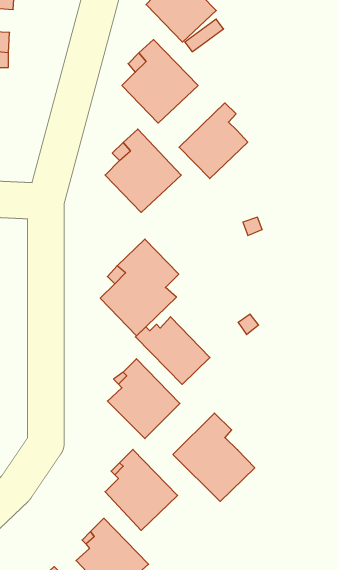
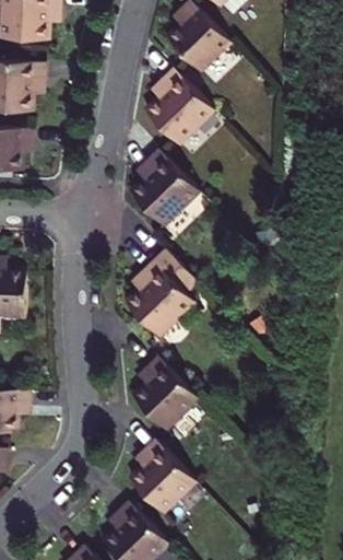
building: [179,103,248,179] -> none
building: [135,317,210,384] -> none
building: [173,413,255,501] -> none

